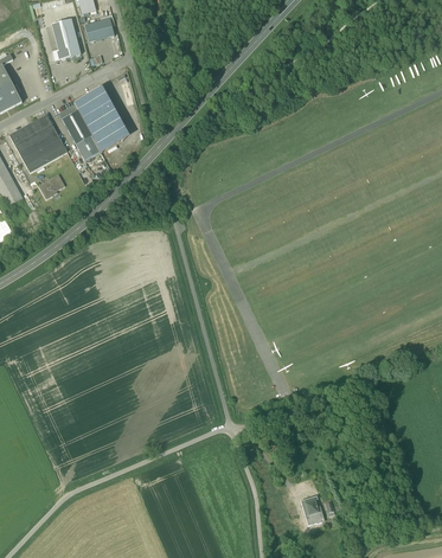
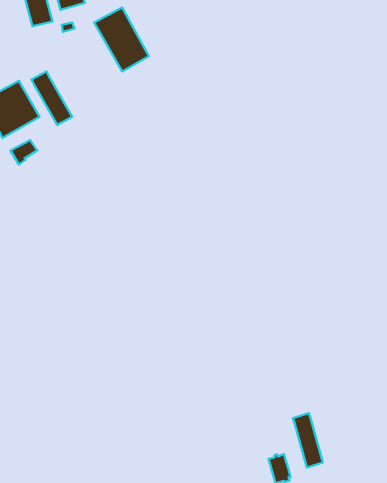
building: [73,85,129,150] -> [94,7,149,71]
building: none -> [293,413,323,468]

